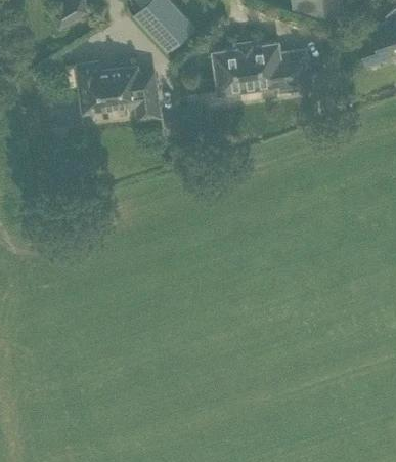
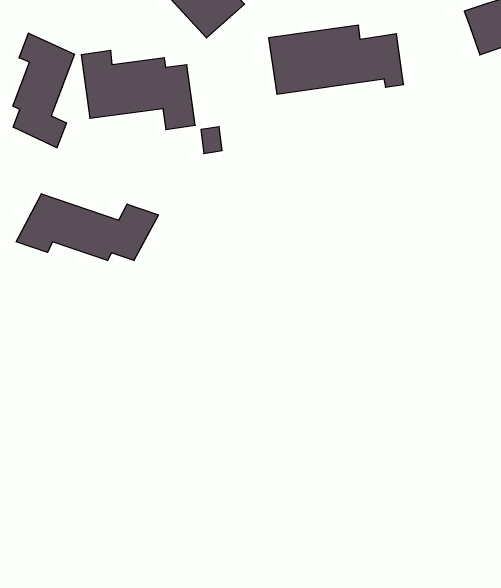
building: none -> [13,33,75,148]
building: none -> [16,194,158,261]

